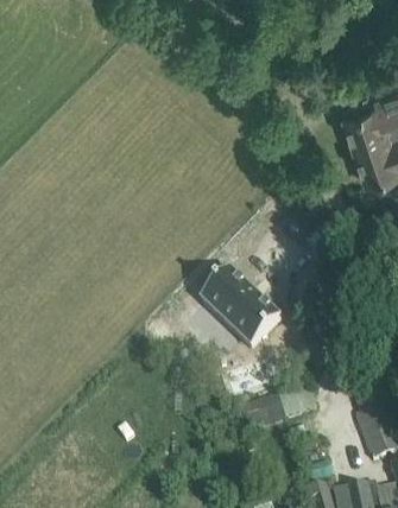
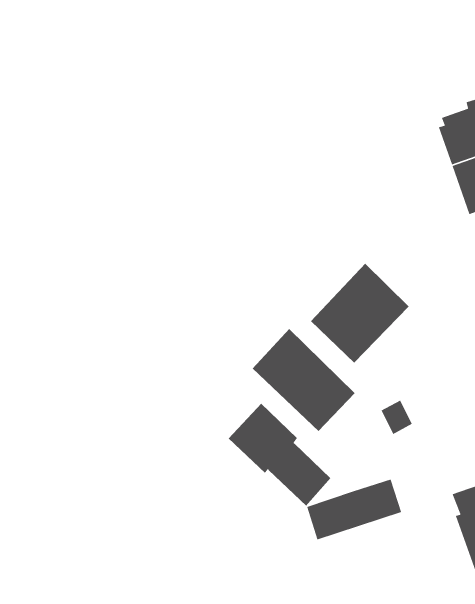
building: none -> [310,263,409,364]
building: none -> [228,403,331,506]

